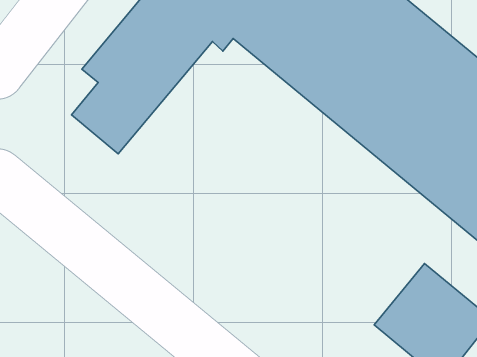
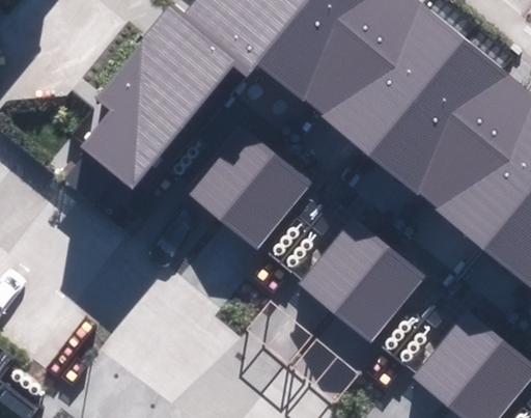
building: none -> [183,119,314,252]
building: none -> [295,213,427,343]

